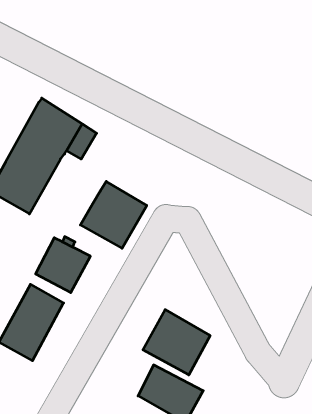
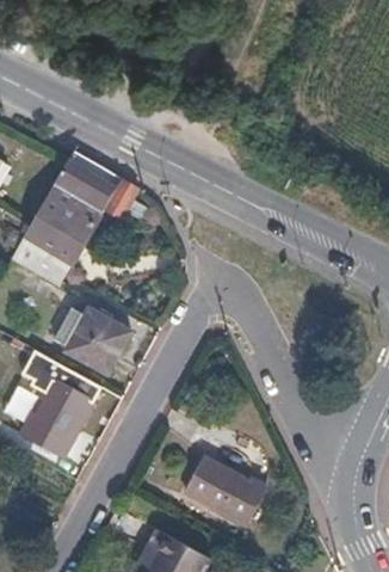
building: [80,181,147,248] -> none
building: [143,310,210,375] -> none

